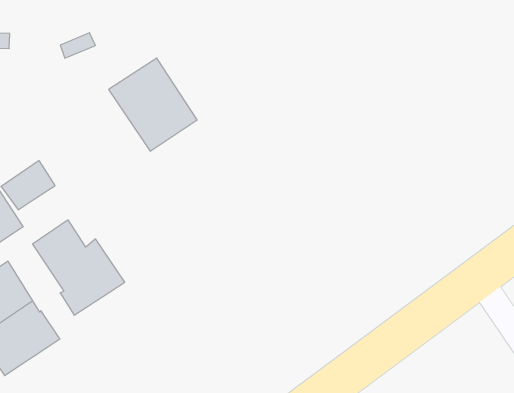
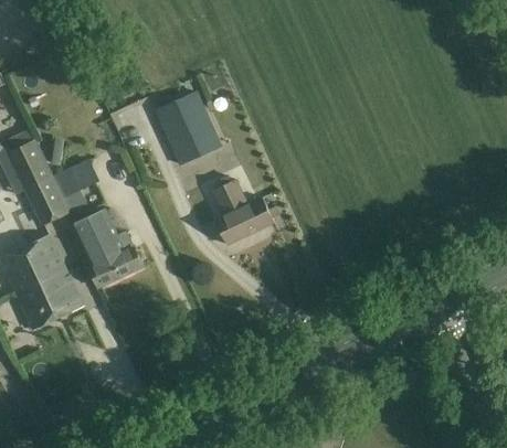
building: none -> [213,177,276,246]

